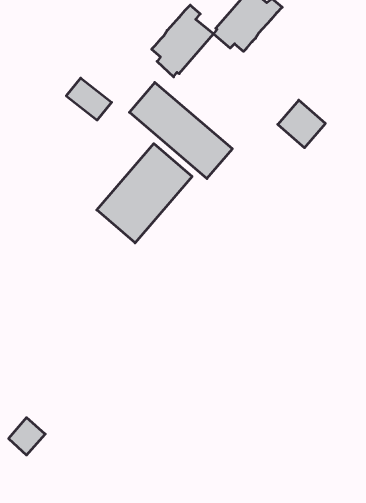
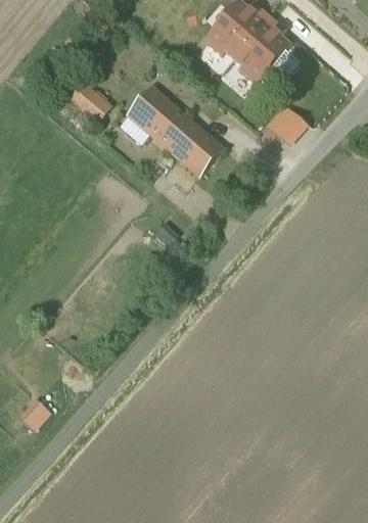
building: [152,5,214,77] -> [232,16,289,83]
building: [97,144,192,243] -> none

